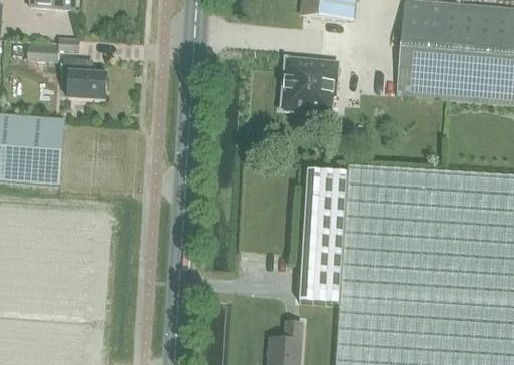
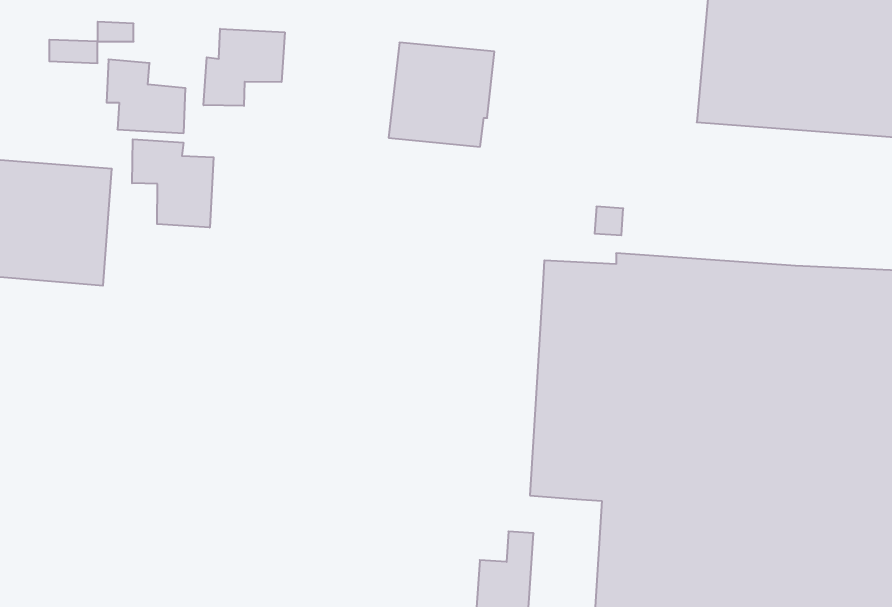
building: none -> [204,29,285,106]
building: [280,54,339,112] -> [389,43,494,147]
building: none -> [132,139,214,228]

